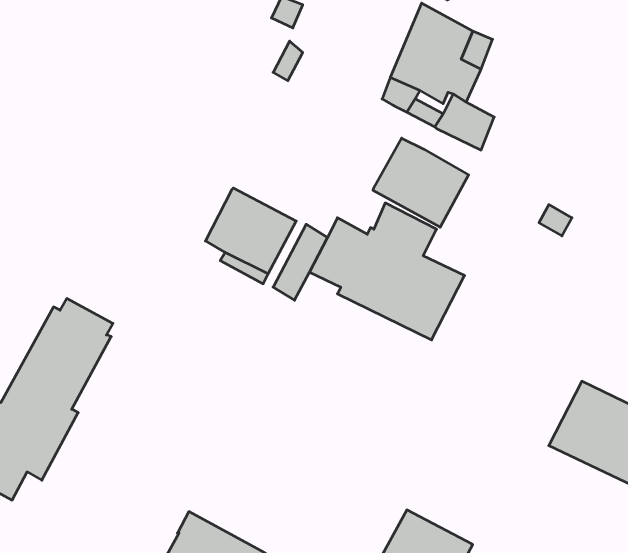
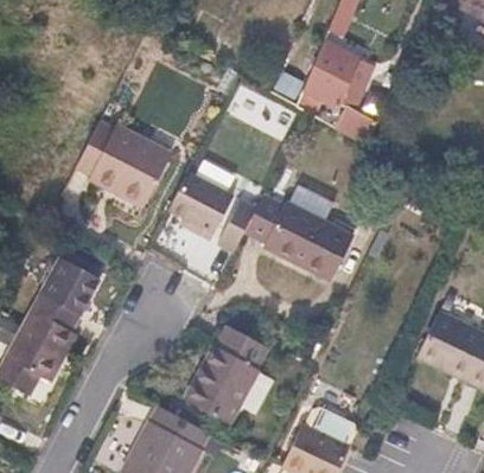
building: none -> [75,121,172,207]
building: [373,138,469,227] -> none
building: none -> [183,325,270,424]

